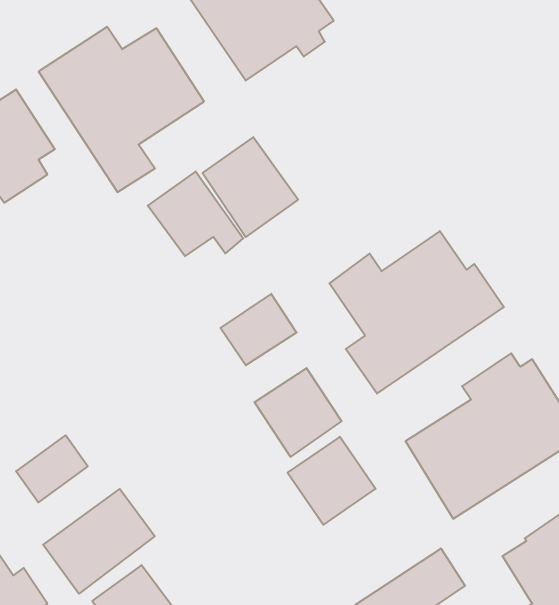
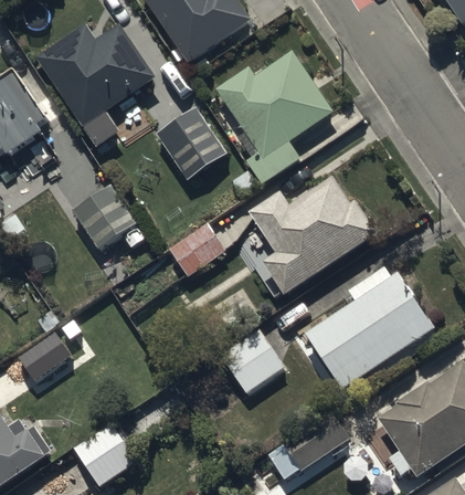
building: none -> [216,52,331,186]
building: [148,171,243,256] -> [73,187,144,250]
building: [255,368,342,457] -> none
building: [43,489,155,594] -> none

